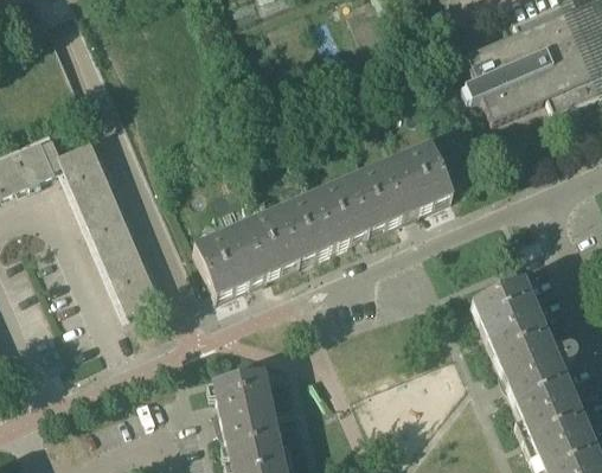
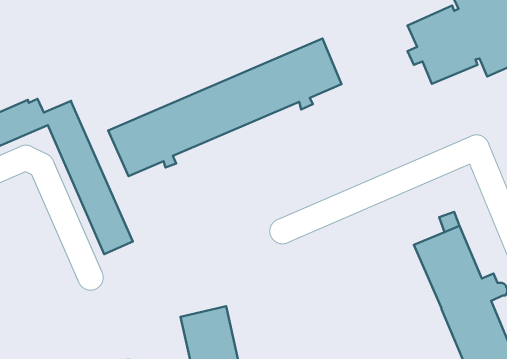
building: [193,142,454,296] -> [108,38,342,176]

